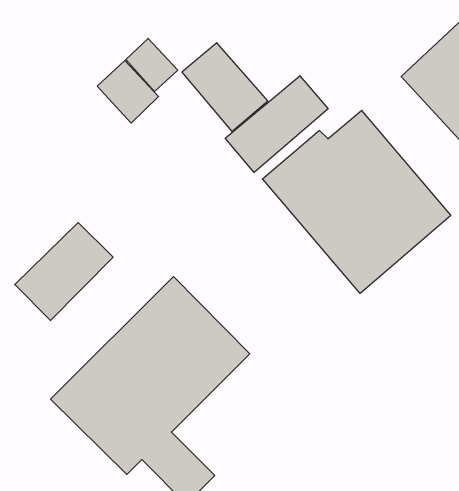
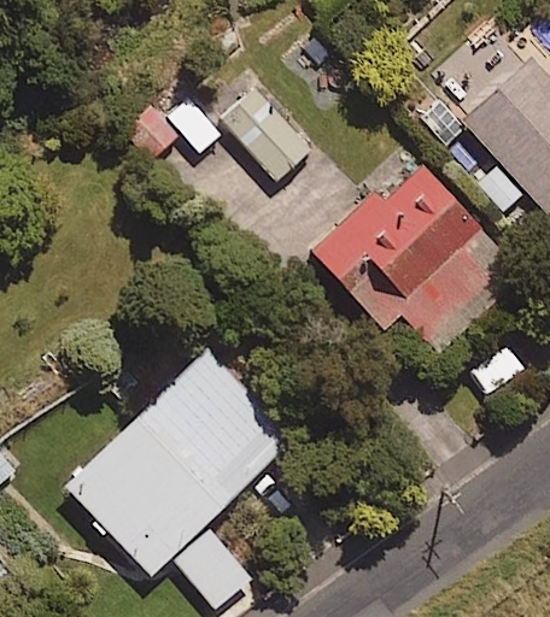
building: [225,76,328,172] -> none
building: [15,223,113,321] -> none

